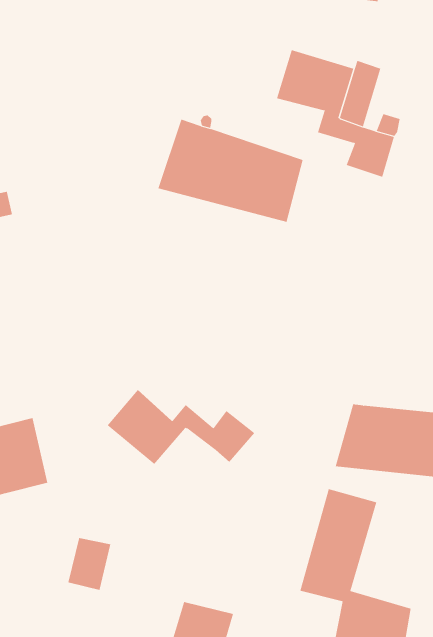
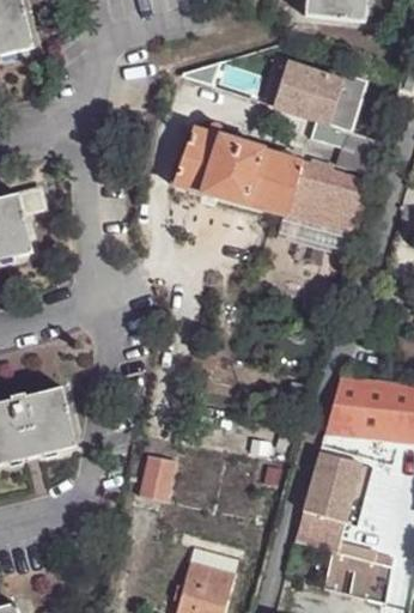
building: none -> [285,160,367,235]
building: [107,389,255,465] -> none
building: [67,537,111,591] -> [140,454,178,500]

